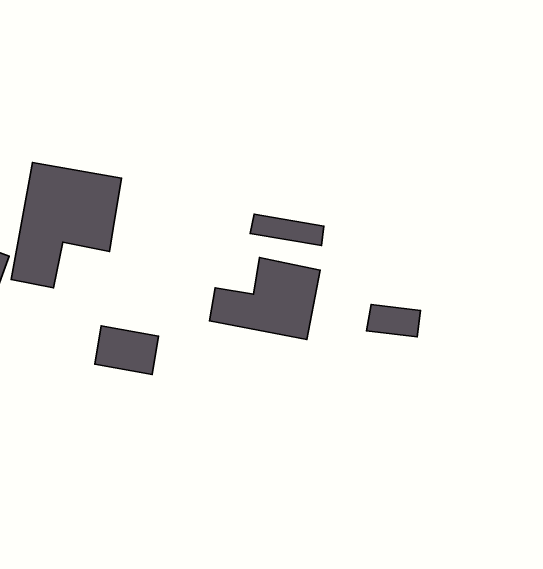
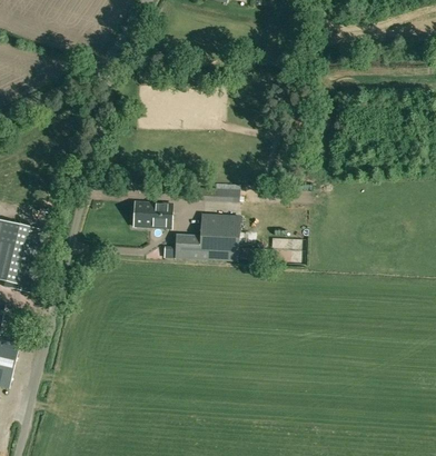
building: [11,162,121,288] -> none
building: [95,326,158,375] -> [132,201,170,228]

